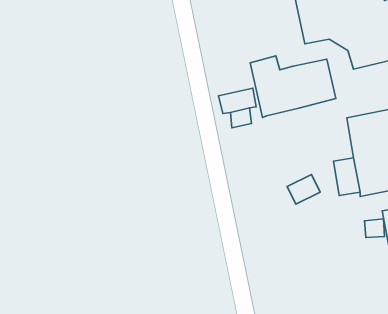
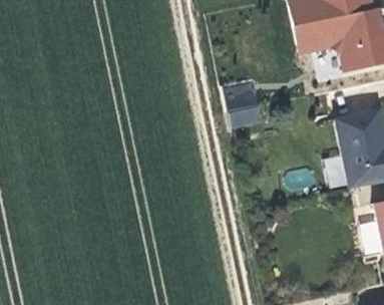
building: [250,56,336,118] -> none

